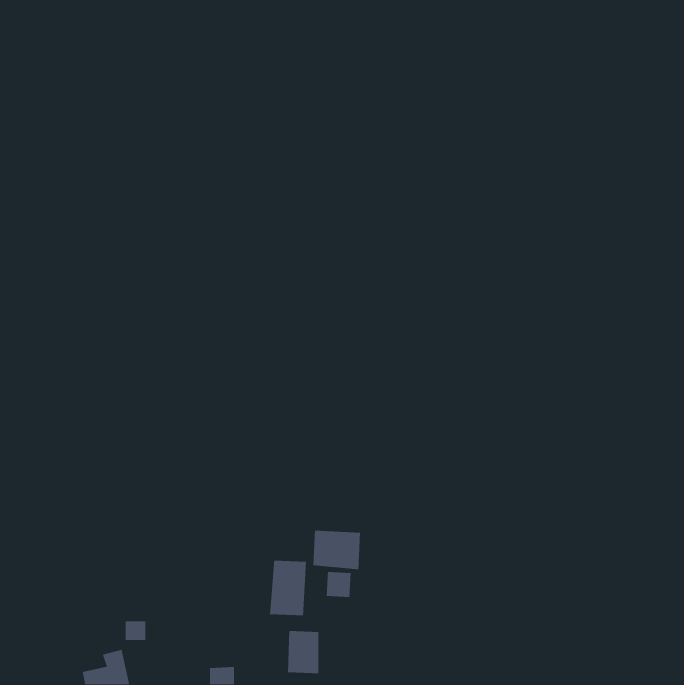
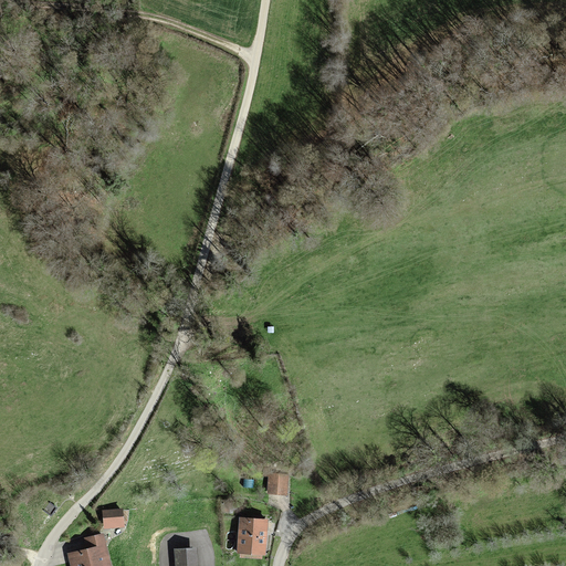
building: [313,530,361,570] -> none
building: [269,560,307,616] -> none

